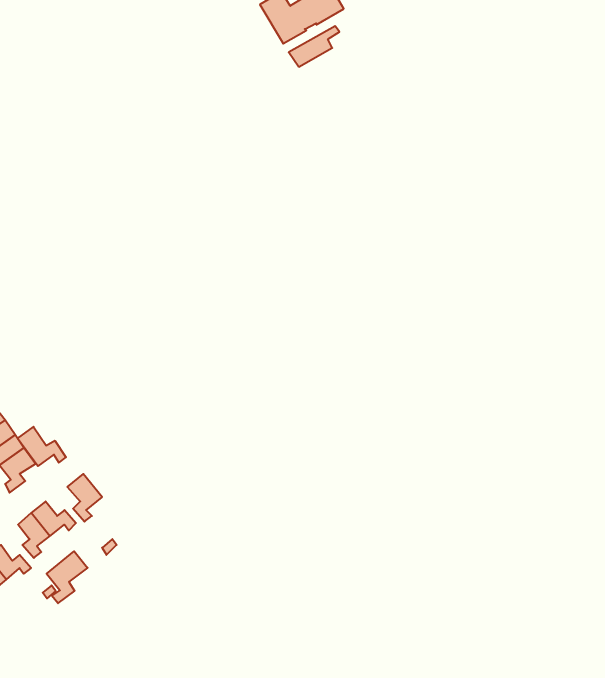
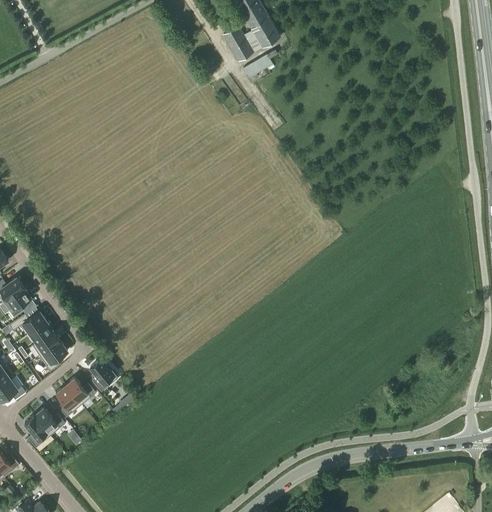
building: [18,427,66,466] -> none
building: [47,551,88,603] -> none

